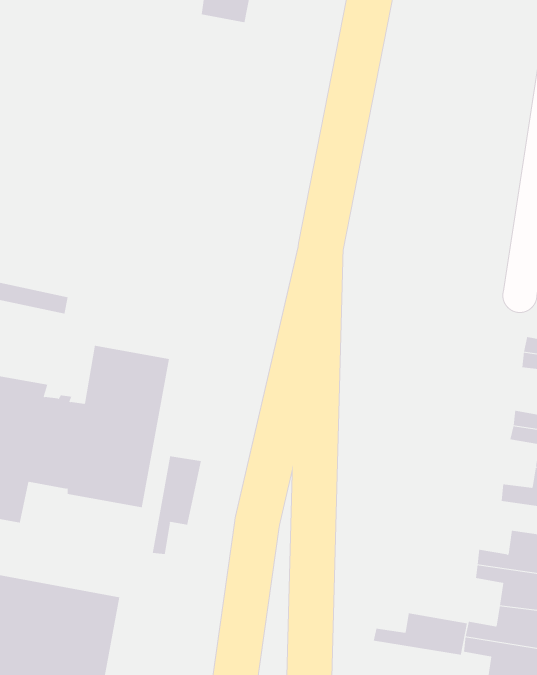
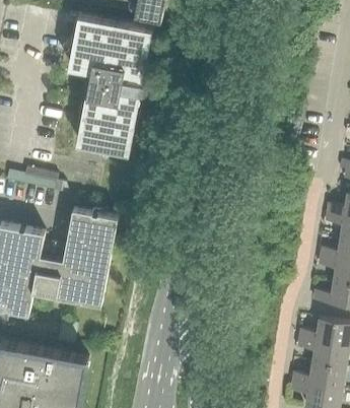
building: none -> [69,13,153,152]
building: [152,455,202,555] -> none
building: [373,613,467,656] -> none

